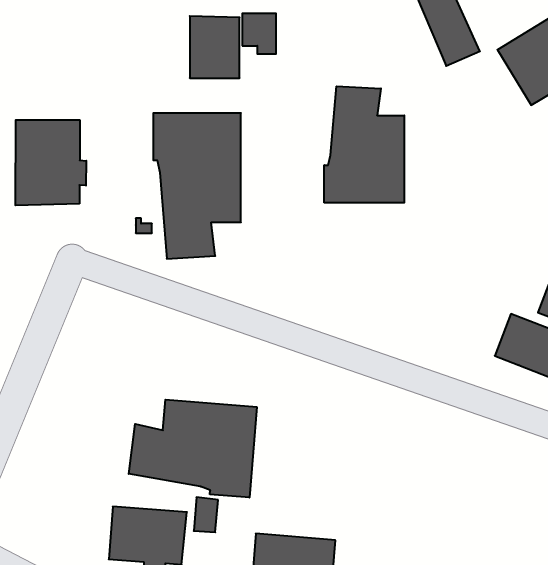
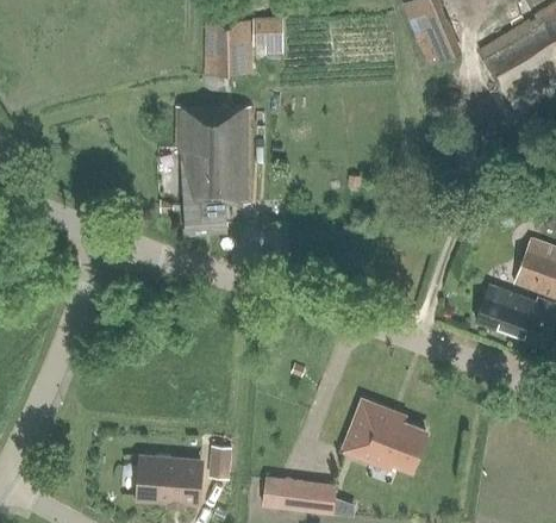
building: [324,86,404,203] -> none
building: [15,120,86,205] -> none
building: [129,400,257,498] -> none
building: none -> [339,396,430,473]

